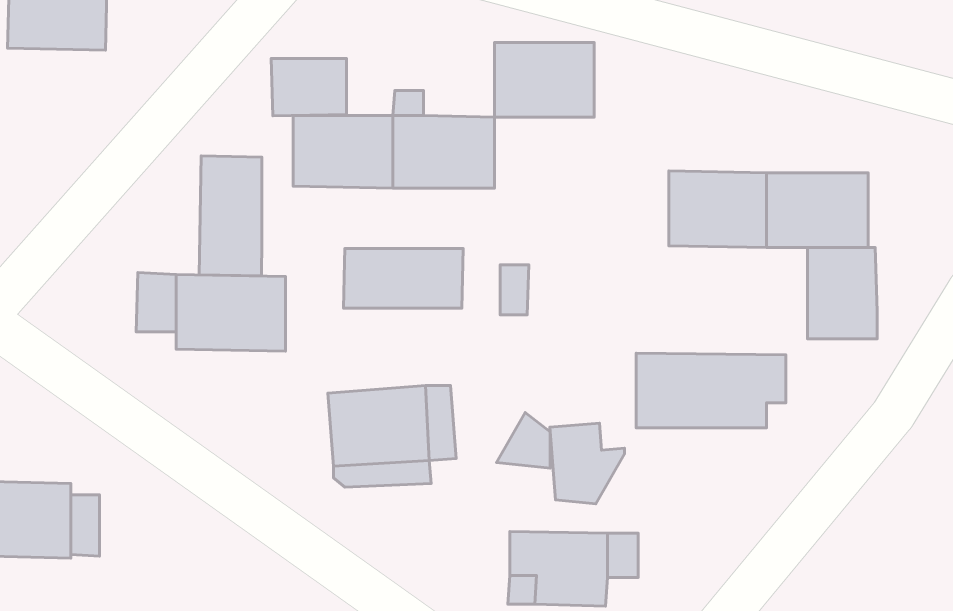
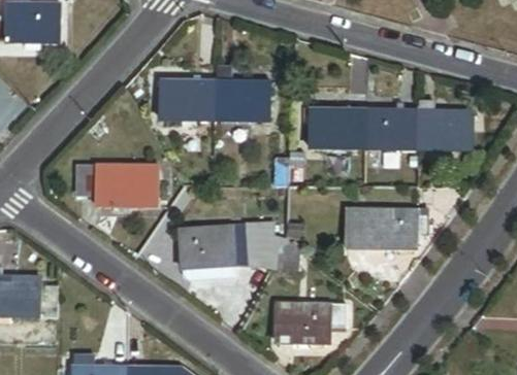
building: [494,42,594,117] -> [309,109,362,149]
building: [271,59,346,116] -> none
building: [199,156,262,276] -> none
building: [807,248,877,339] -> none
building: [343,248,463,308] -> none
building: [550,423,624,504] -> [245,223,285,266]

